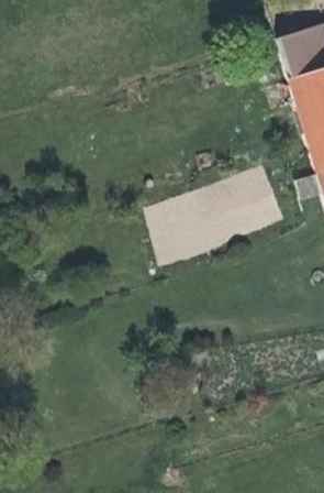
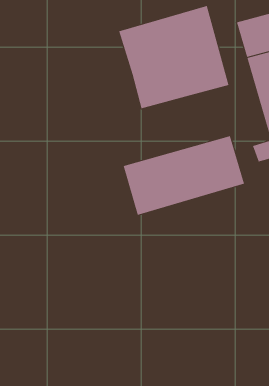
building: none -> [118,5,229,109]

